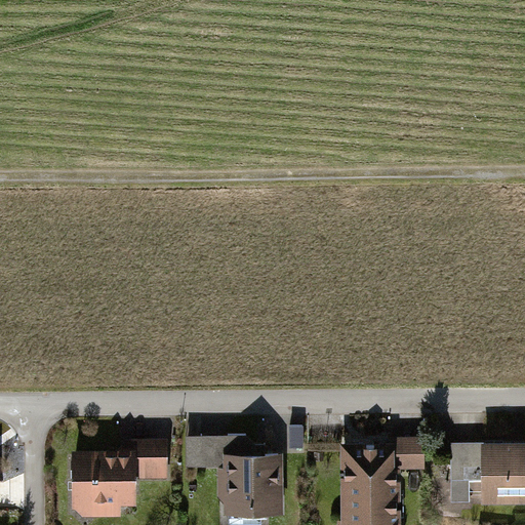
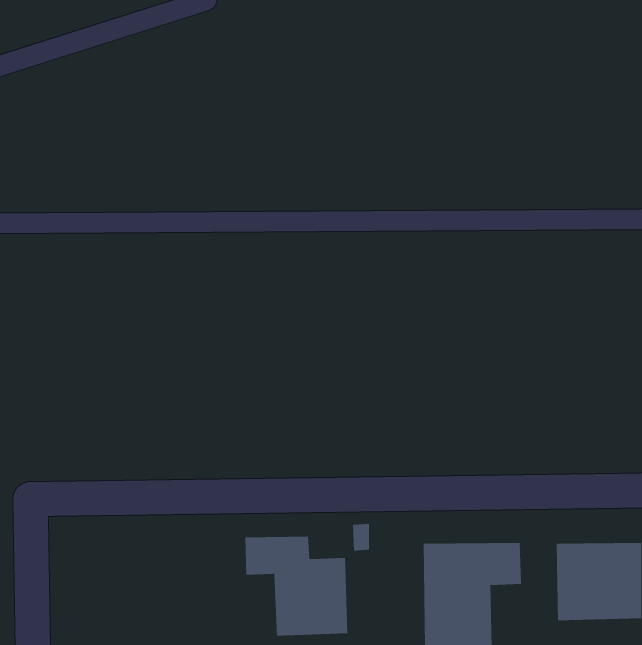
building: [69,439,167,514] -> none

